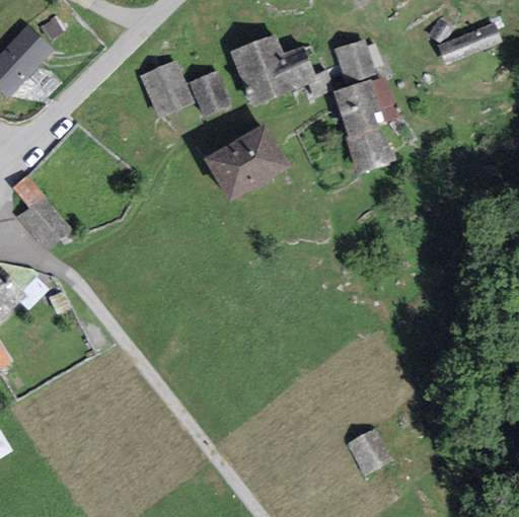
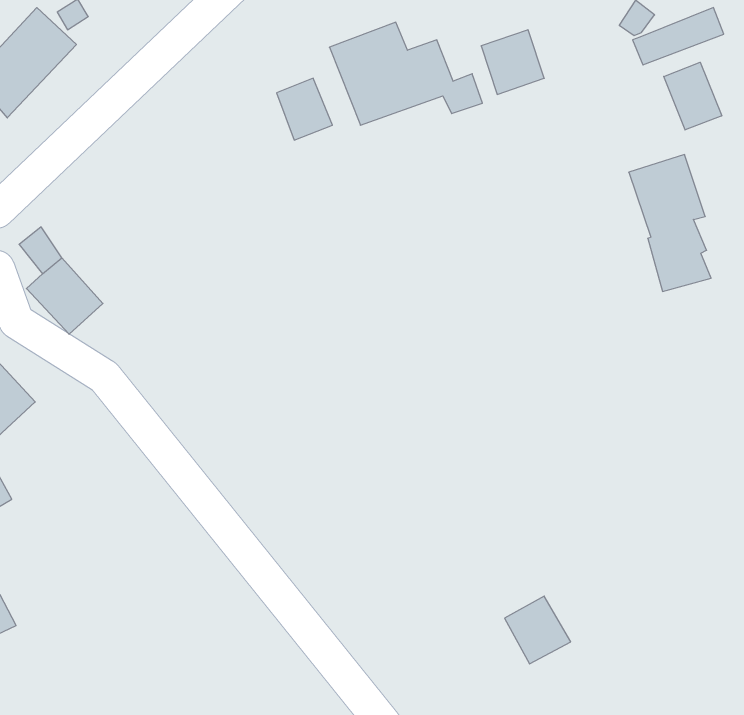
building: [143,60,193,114] -> none
building: none -> [664,62,722,130]
building: [331,79,388,173] -> [629,155,711,291]
building: [204,124,287,200] -> none

